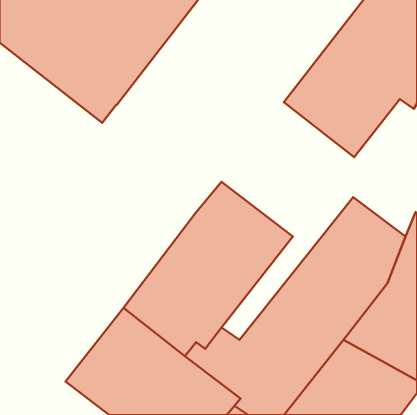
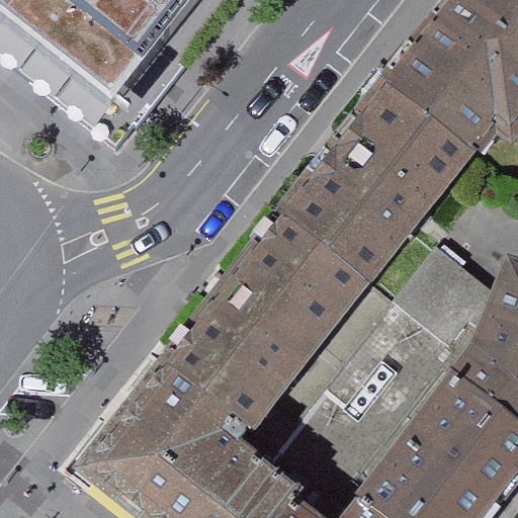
building: none -> [274,126,438,292]

